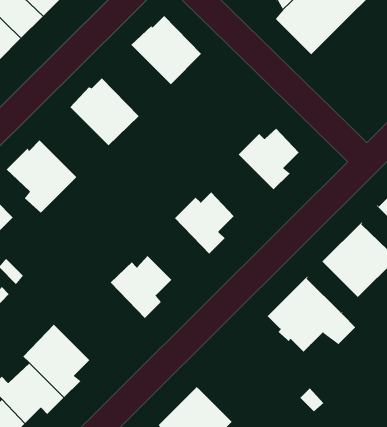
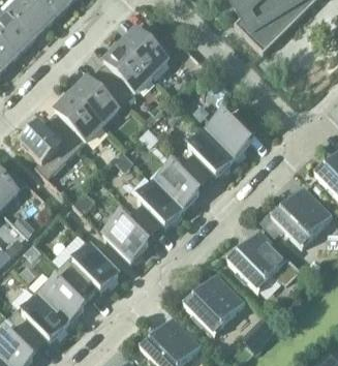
building: none -> [96,44,151,101]
building: none -> [47,94,101,150]
building: none -> [183,131,234,181]
building: none -> [132,182,182,232]
building: none -> [58,241,118,296]
building: none -> [184,273,244,333]

